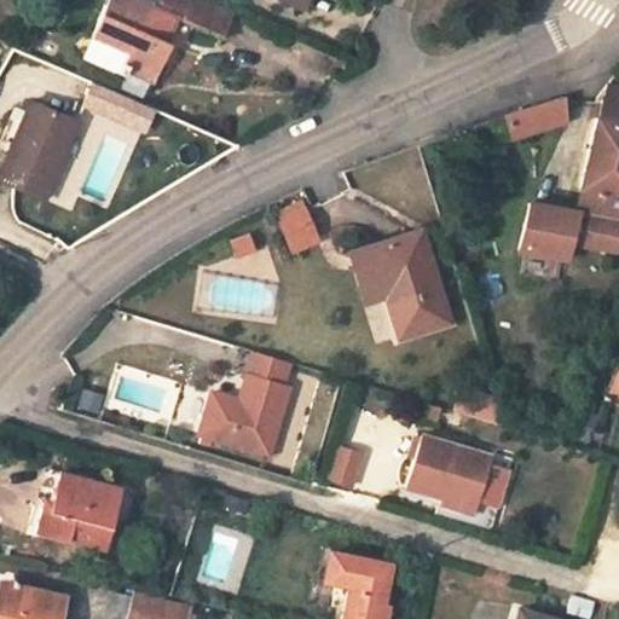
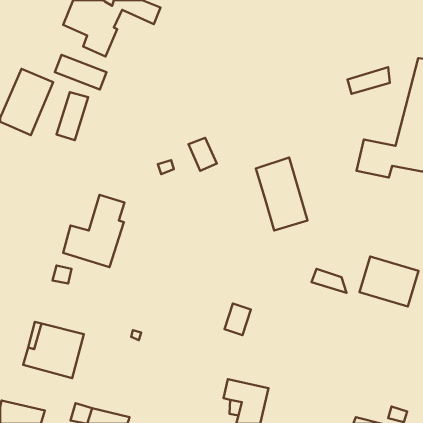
building: [351,247,389,303] -> none
building: [203,352,293,457] -> [63,195,125,267]
building: [406,435,492,508] -> [360,257,419,306]

